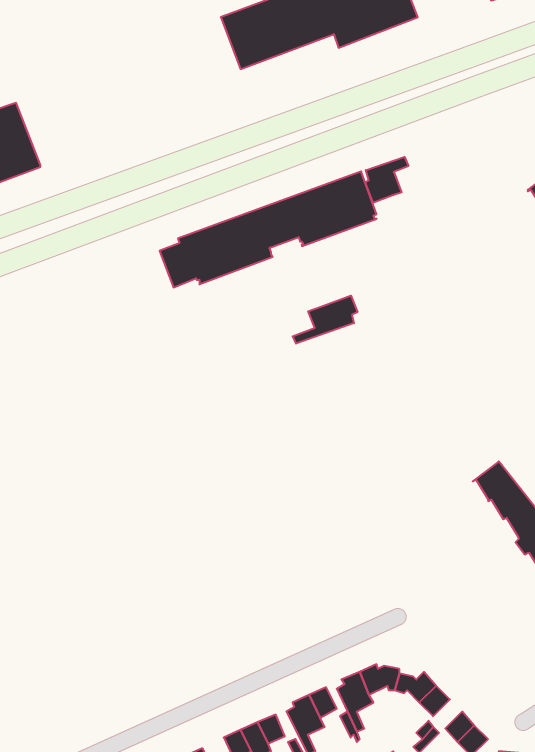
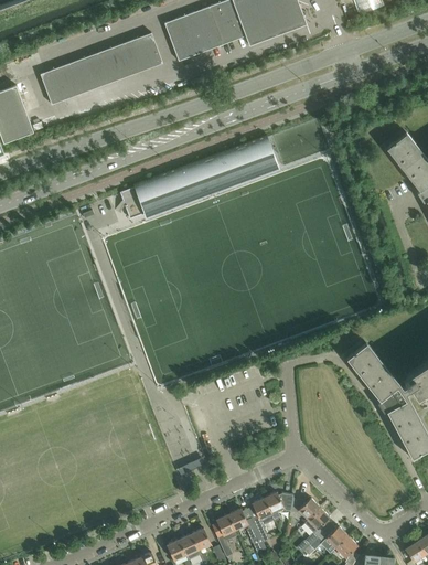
building: none -> [41,32,162,104]
building: [365,157,408,203] -> none
building: [293,296,357,344] -> none

